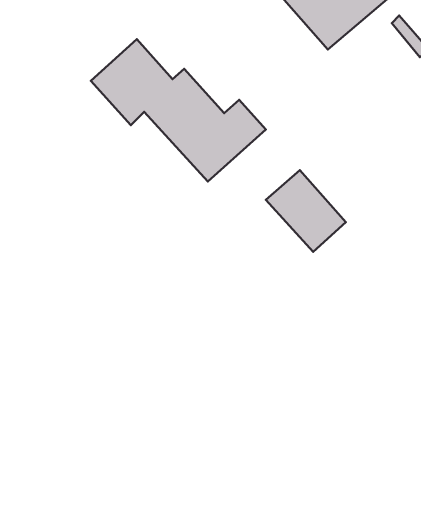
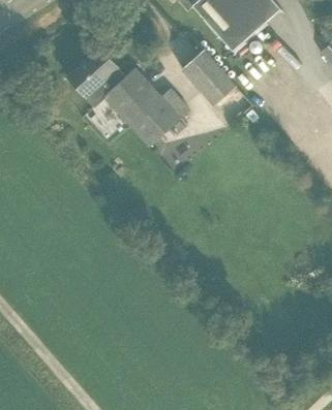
building: [266,170,346,252] -> [178,48,234,104]

